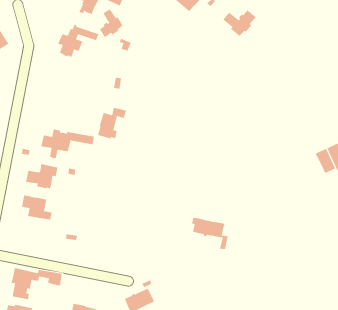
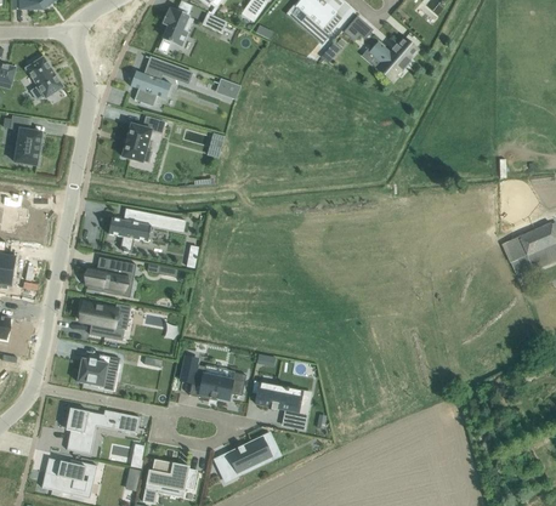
building: [99,8,123,38] -> none
building: [97,107,127,139] -> [121,116,164,163]
building: [191,217,228,250] -> [253,382,306,428]
building: none -> [76,354,119,387]
building: none -> [180,357,245,400]

